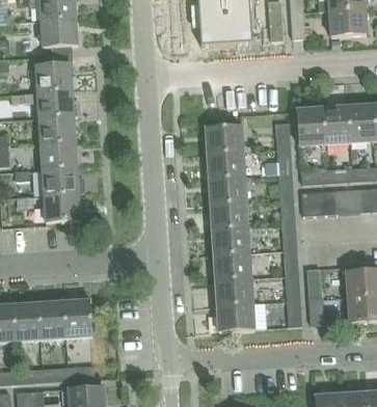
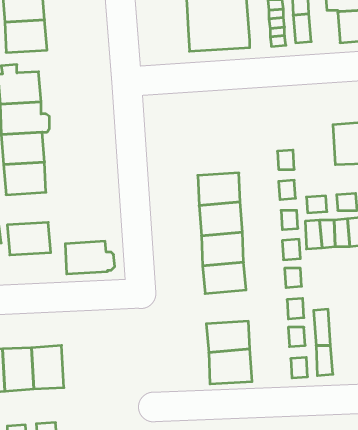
building: [297,109,326,145] -> none
building: [206,126,243,153] -> none
building: [43,167,85,195] -> [65,241,115,274]
building: [214,251,251,280] -> none

